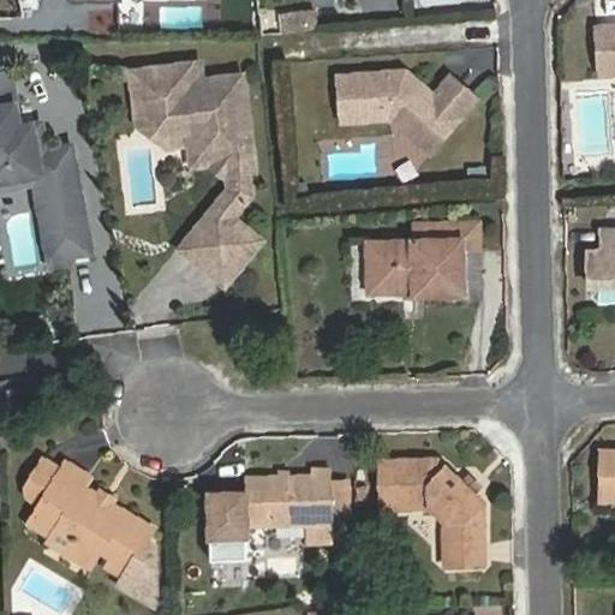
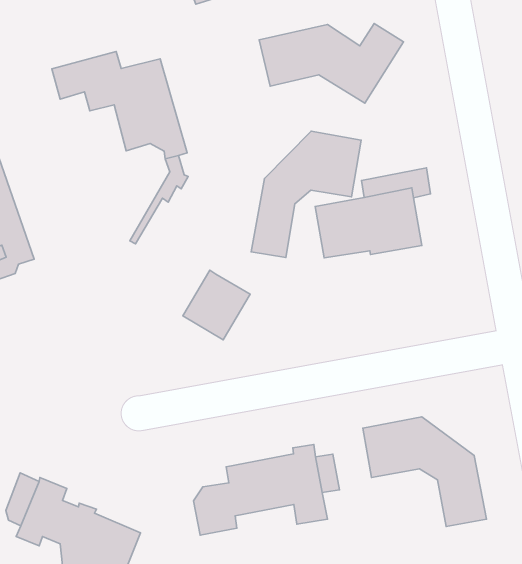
building: [138,100,191,143] -> none
building: none -> [251,131,361,258]
building: [189,213,256,281] -> [183,270,250,340]

